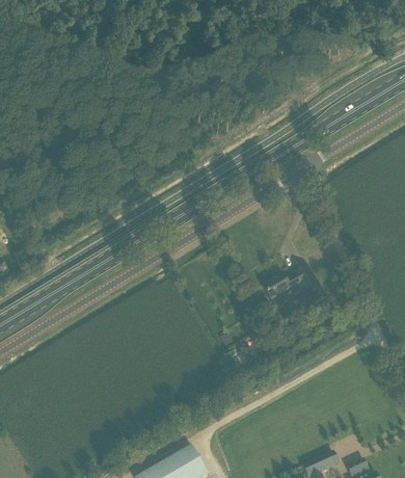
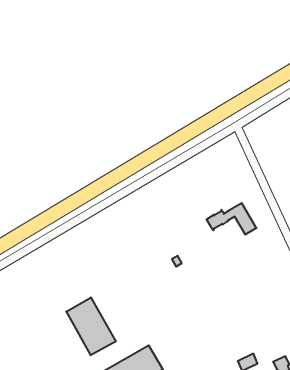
building: none -> [66,297,116,355]

